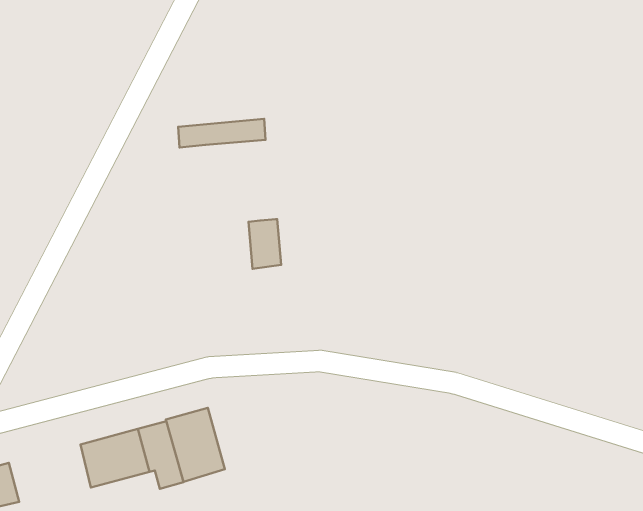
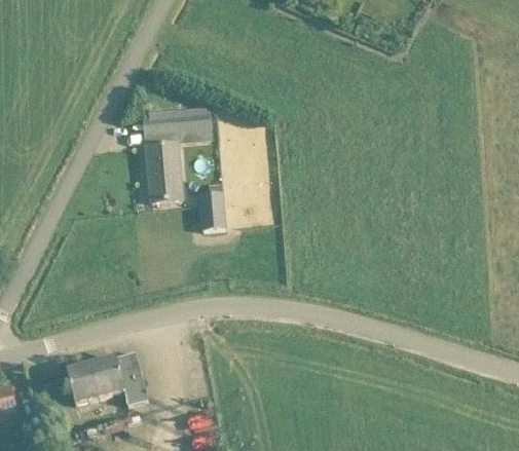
building: none -> [146,141,182,200]
building: [166,408,225,482] -> none

